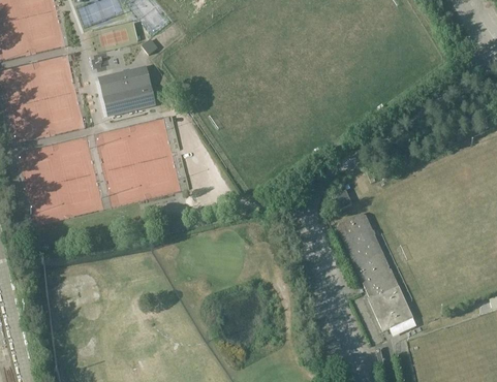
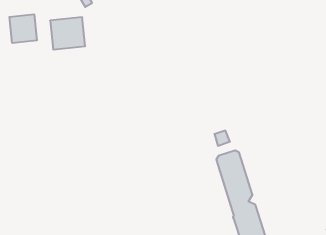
building: none -> [9,14,37,43]

